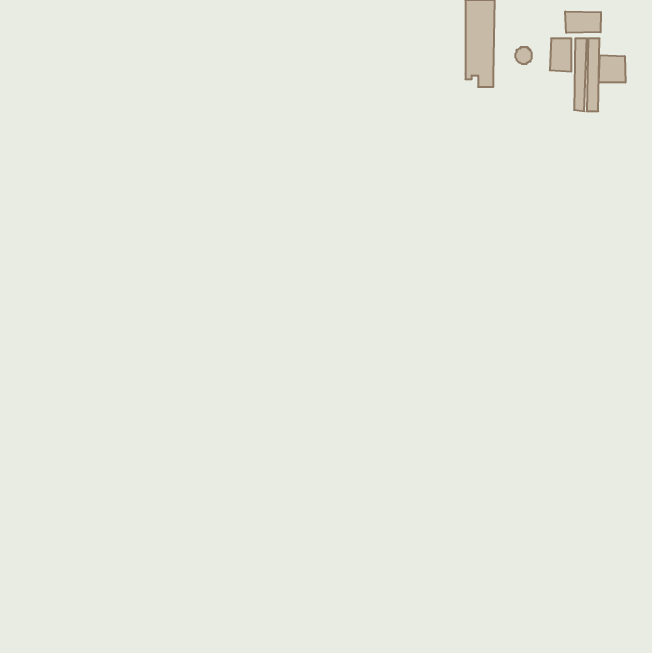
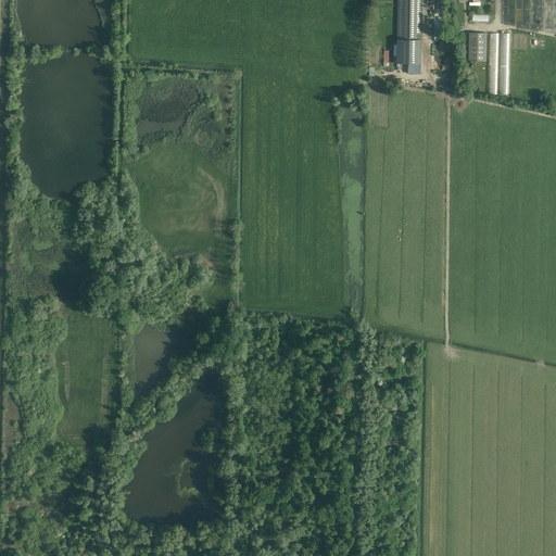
building: [565,11,601,33] -> none
building: [599,55,625,83] -> none

